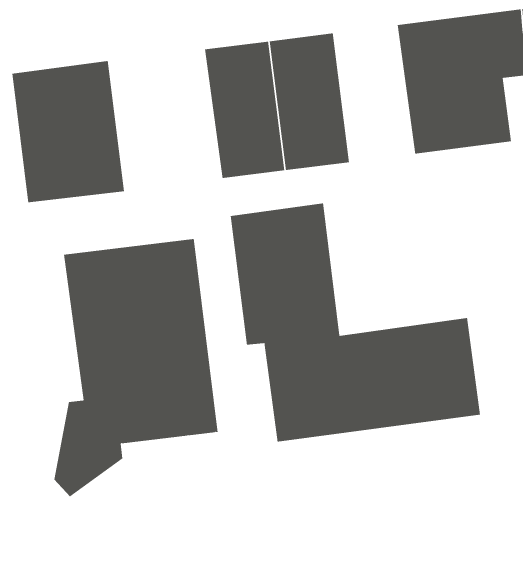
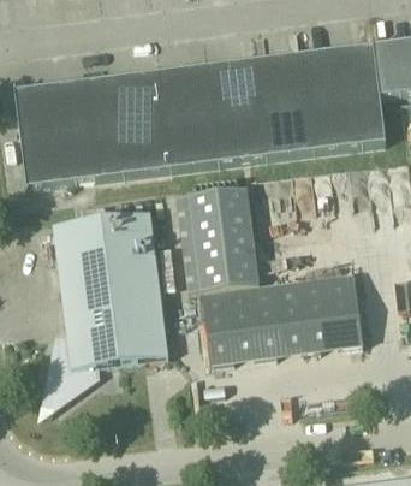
building: none -> [254,55,314,158]
building: none -> [87,73,171,179]

